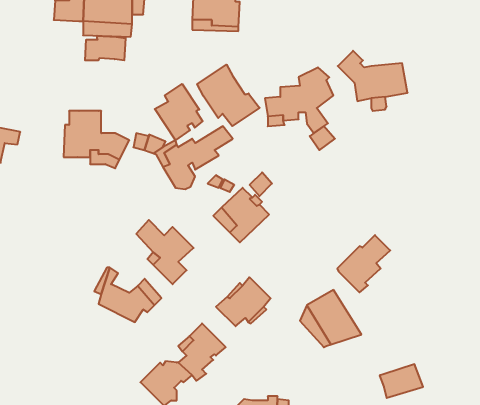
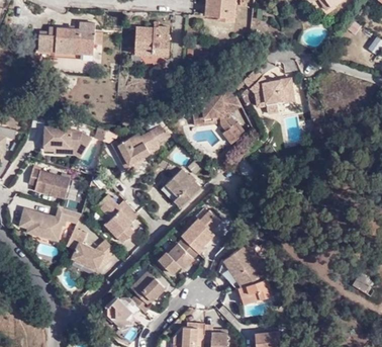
building: [85,36,126,60] -> none
building: [197,65,260,126] -> none
building: [155,84,203,140] -> none
building: none -> [31,169,73,198]
building: [337,235,390,292] -> [180,209,218,251]
building: none -> [22,207,84,241]
building: [380,364,423,398] -> [236,277,268,301]

